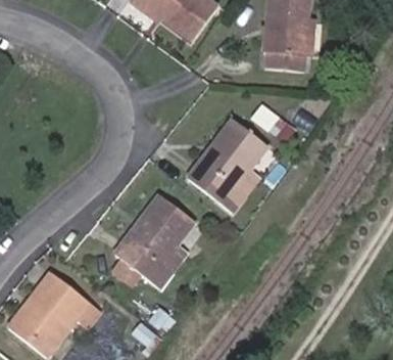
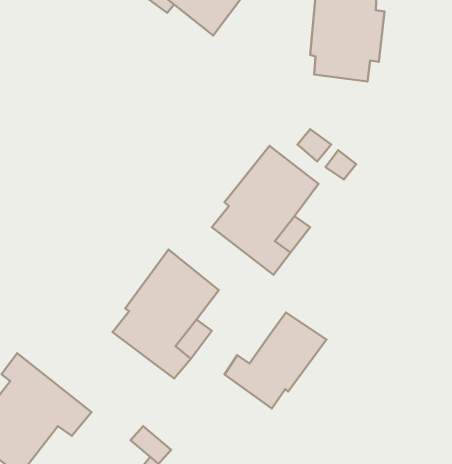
building: none -> [225,313,327,409]

